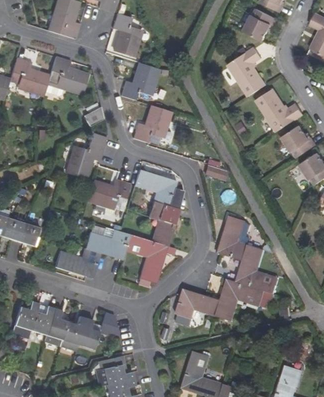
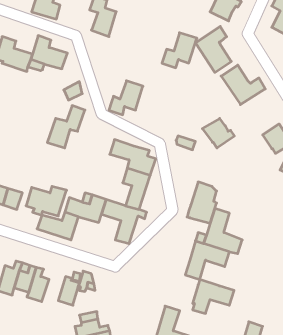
building: [120,62,158,100] -> [162,33,197,68]
building: [280,125,315,157] -> [202,118,234,148]
building: [86,179,130,211] -> [26,186,67,216]
building: [175,288,220,325] -> [193,279,234,313]
building: [59,315,85,350] -> none

